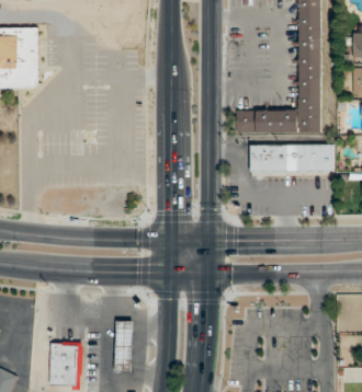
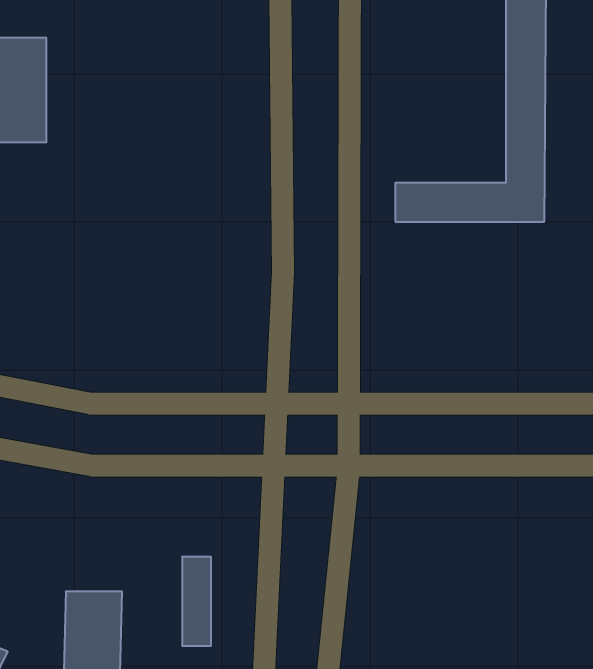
building: [251,145,335,172] -> none

